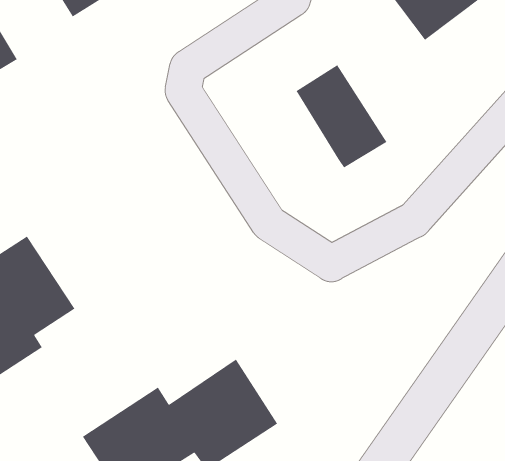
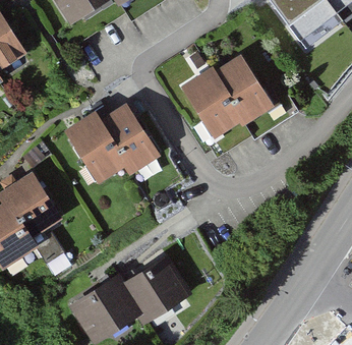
building: none -> [174,70,236,139]
building: none -> [67,101,162,180]

